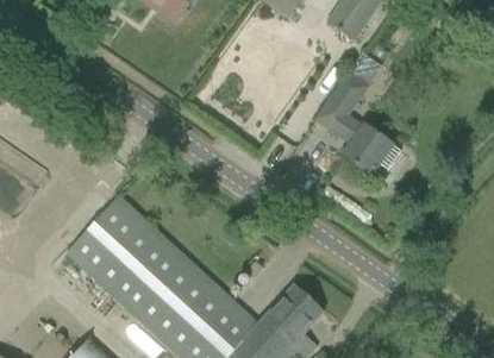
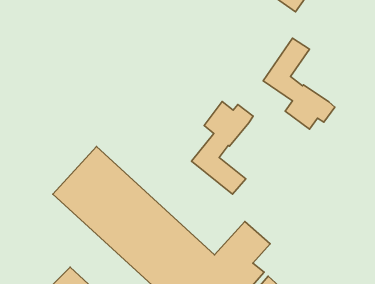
building: none -> [191,101,253,194]

